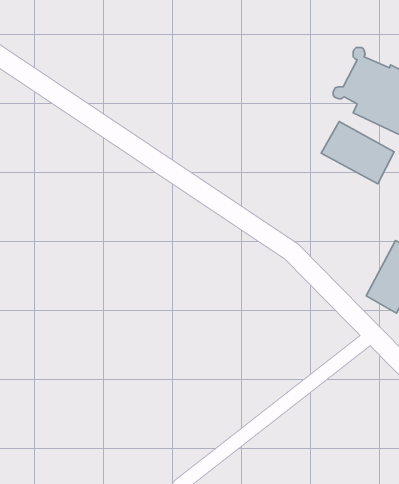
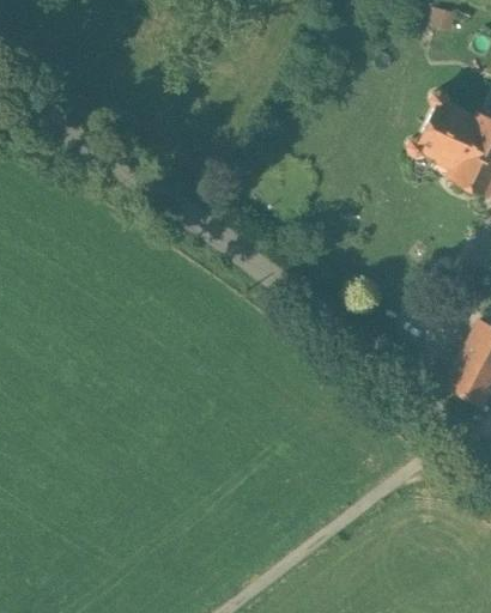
building: [321,121,394,184] -> none

